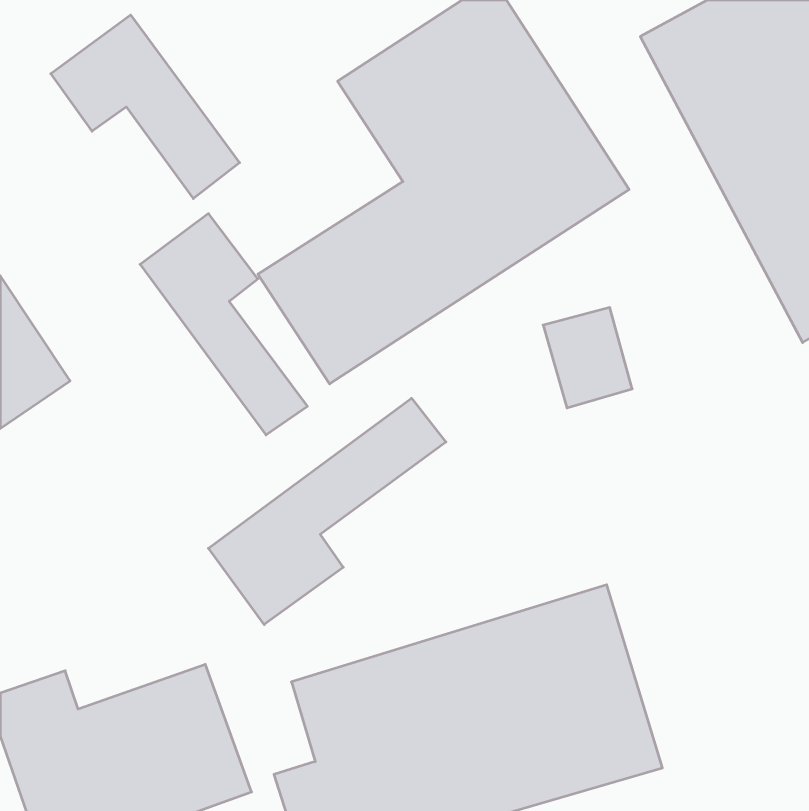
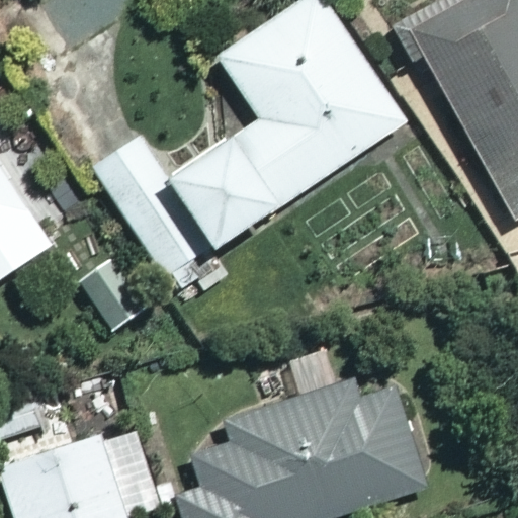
building: [51,15,240,199] -> none
building: [208,398,446,625] -> none

